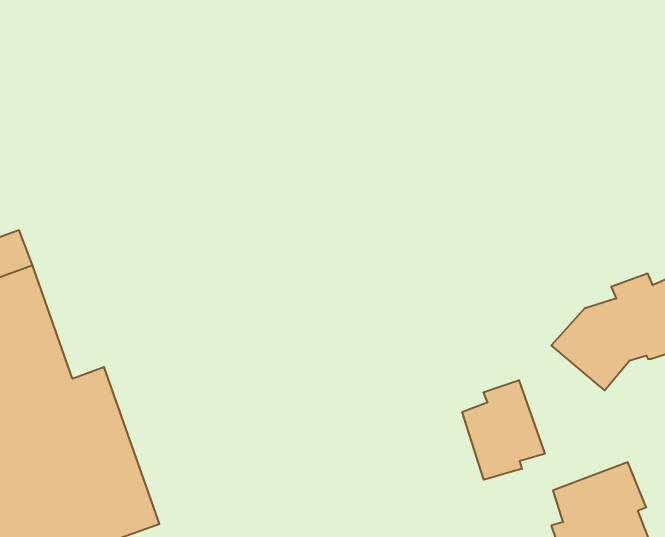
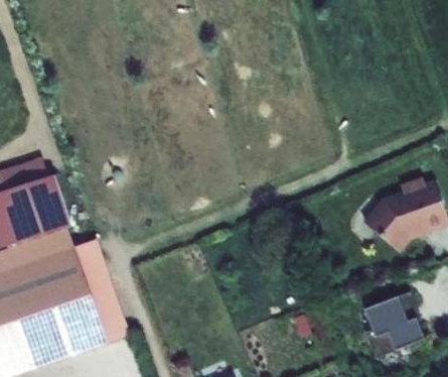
building: [462,380,545,480] -> none

